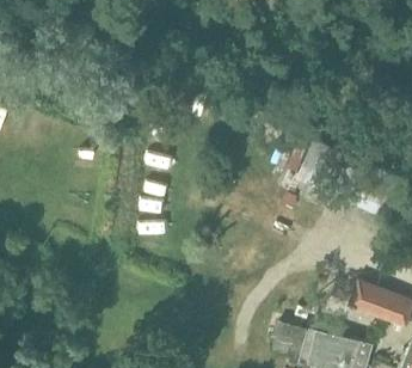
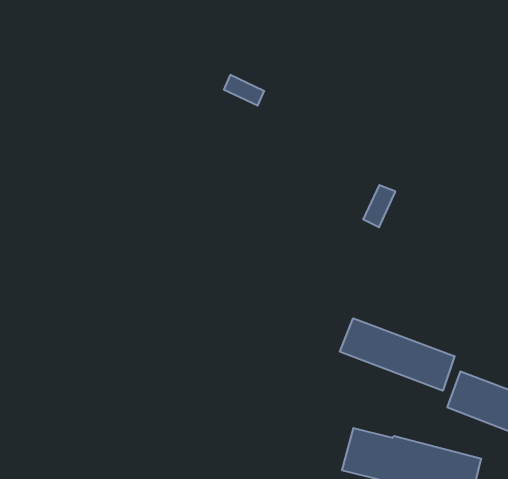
building: none -> [340,318,455,391]

